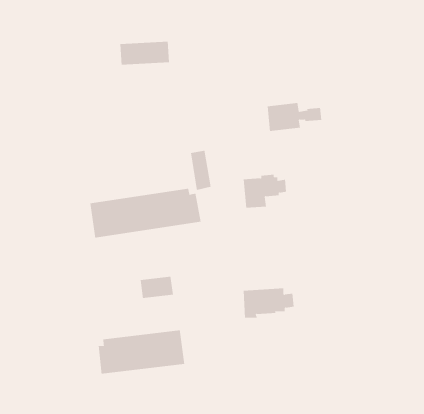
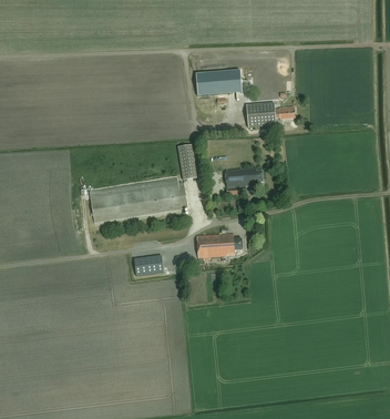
building: [119,41,170,65] -> [196,73,240,94]
building: [243,288,294,318] -> [197,232,243,258]
building: [98,329,185,374] -> none

